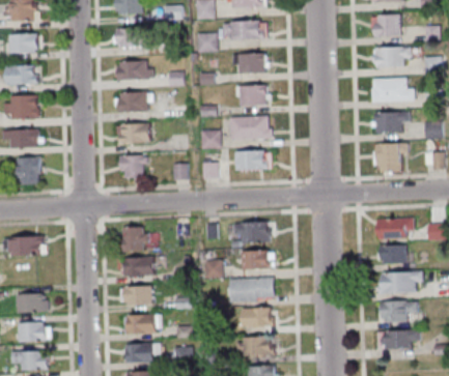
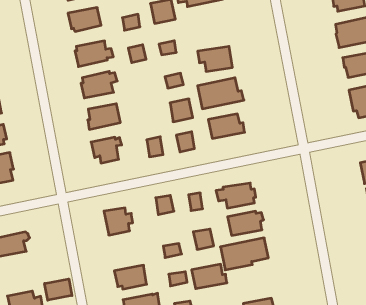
building: [232,56,266,76] -> none
building: [119,256,153,276] -> none
building: none -> [45,279,72,300]
building: [241,307,273,326] -> [192,264,227,289]

